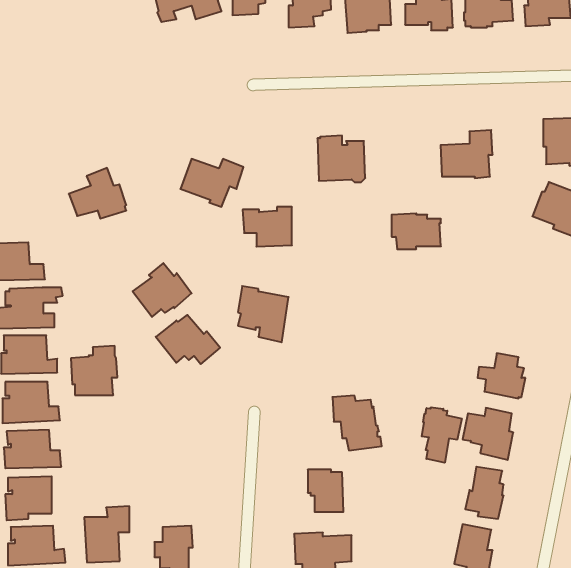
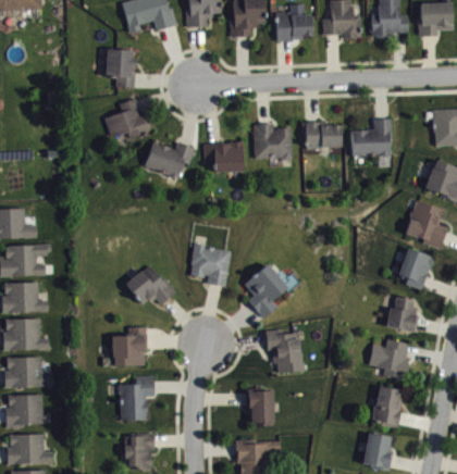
building: none -> [106,49,135,87]
building: [69,168,126,219] -> [104,98,150,138]
building: [243,207,292,247] -> [203,141,243,173]
building: [392,213,441,249] -> [302,121,342,149]
building: none -> [405,200,448,249]
building: [133,263,192,317] -> none
building: none -> [398,247,434,289]
building: none -> [244,263,287,317]
building: [71,346,117,395] -> [111,326,148,365]
building: [422,407,462,463] -> none
building: [84,506,129,562] -> [119,375,155,420]

